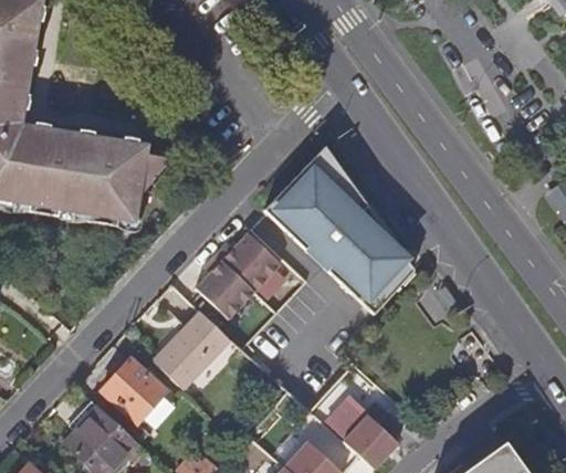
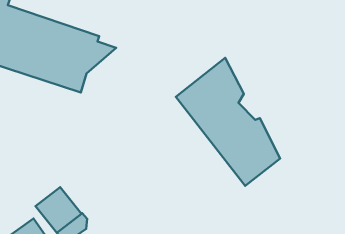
building: [199,227,296,314] -> none
building: [153,315,228,390] -> none

